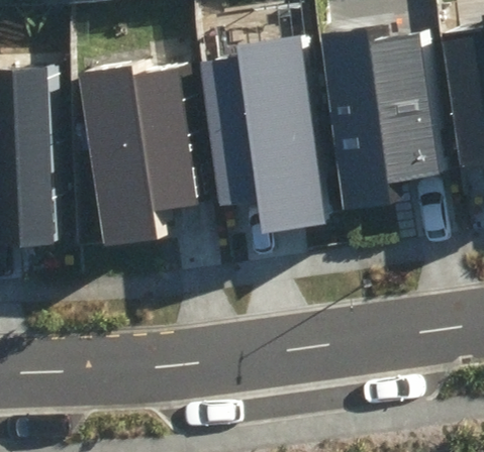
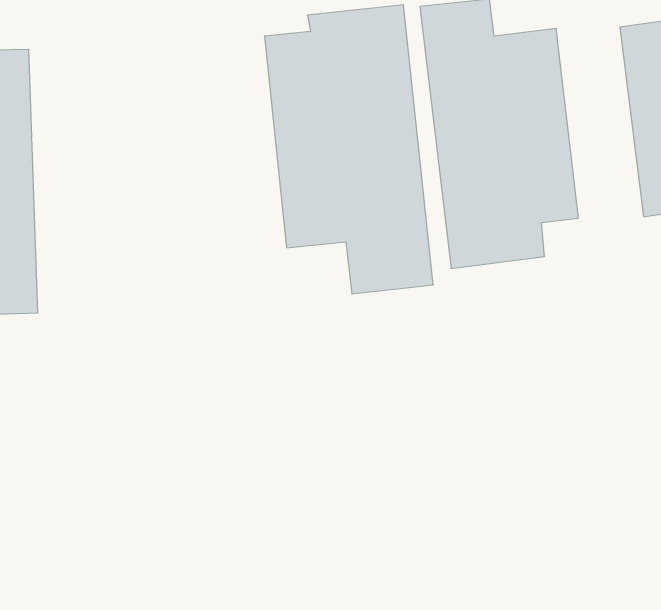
building: [89,61,197,245] -> none

